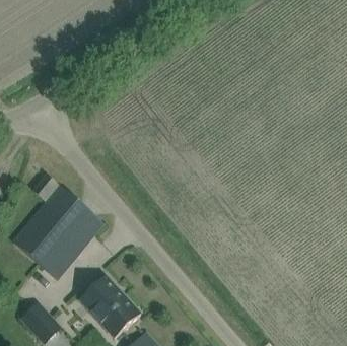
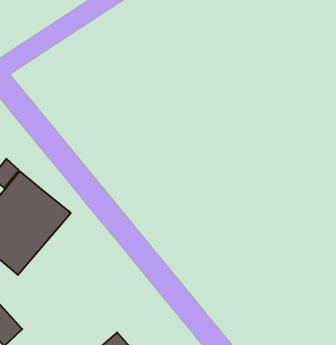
building: [75,272,137,335] -> none

